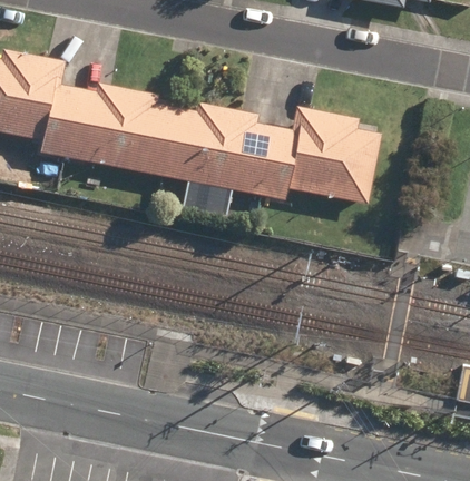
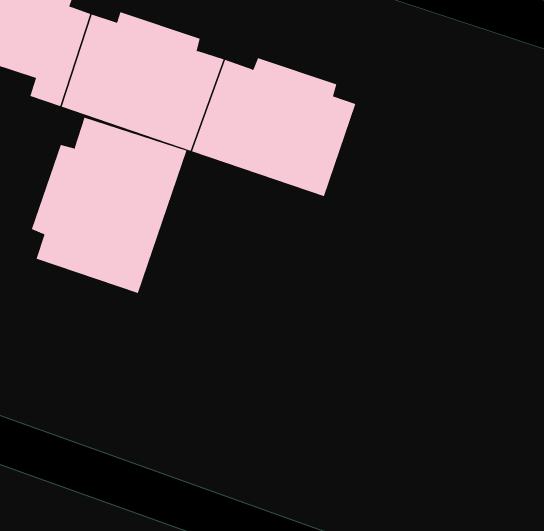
building: [261,105,382,203] -> none
building: none -> [31,117,187,294]

